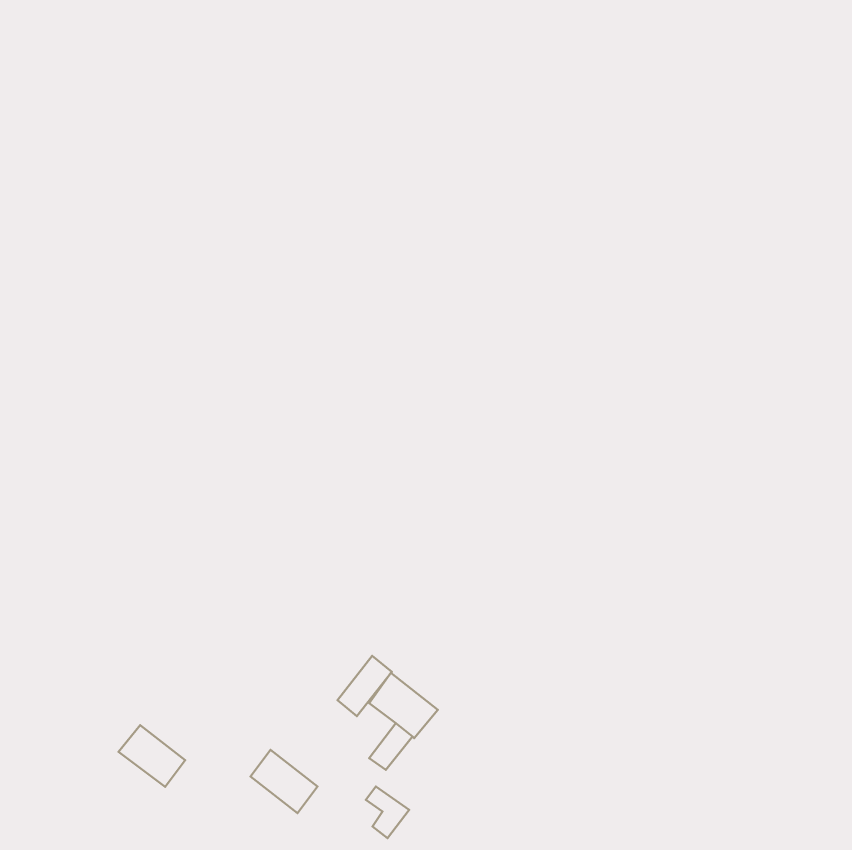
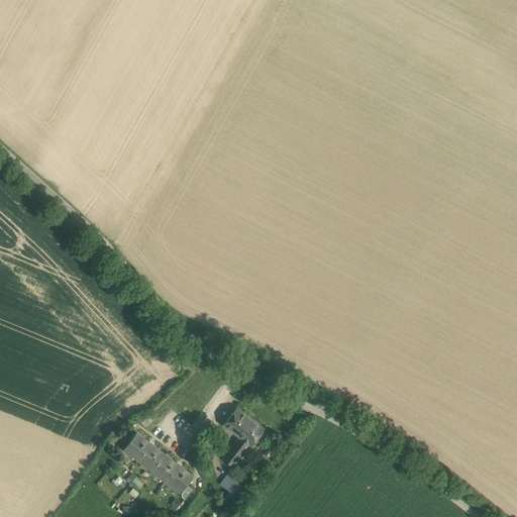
building: [337,656,392,716] -> none
building: [118,725,185,787] -> [124,434,165,472]

